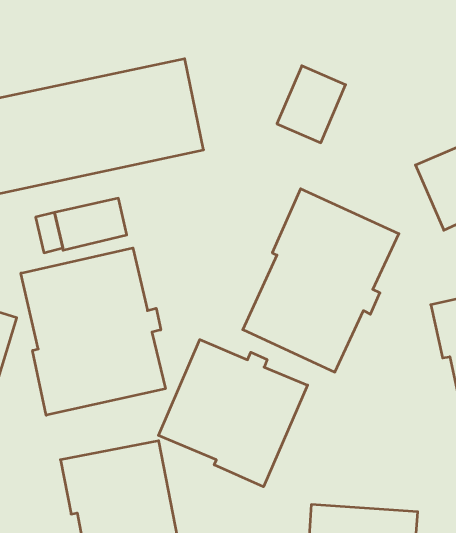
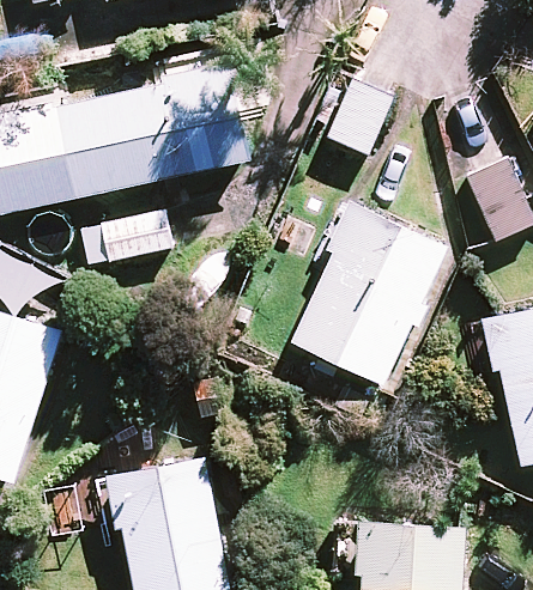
building: [21,248,165,415] -> none
building: [158,340,308,487] -> none

